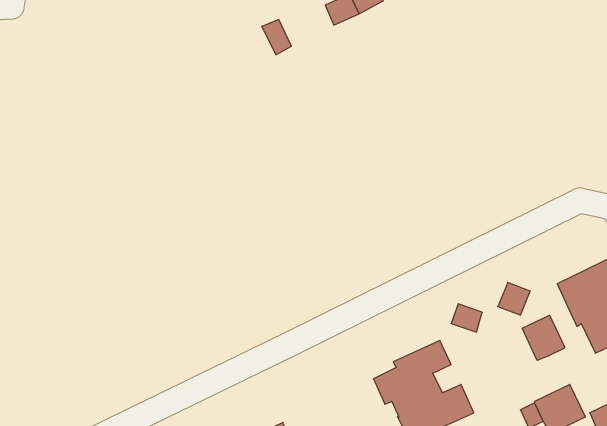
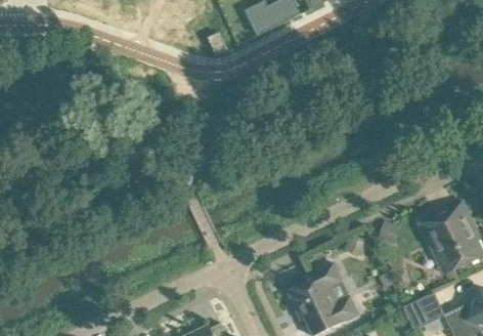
building: [522,315,565,360] -> none

